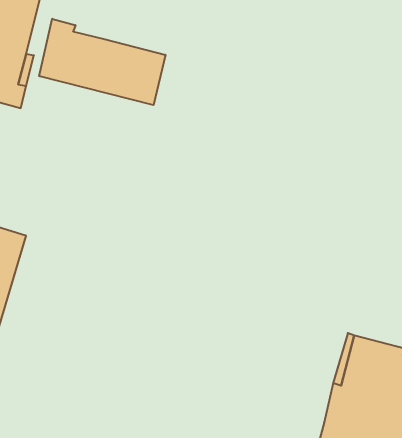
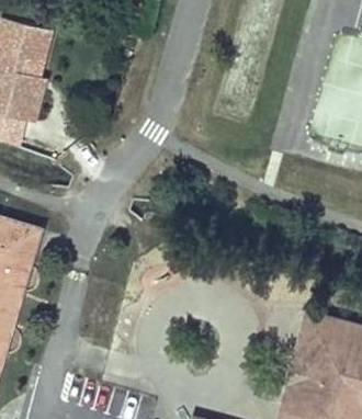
building: [39,19,165,105] -> none

